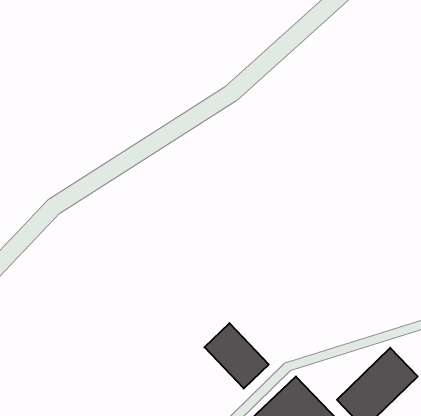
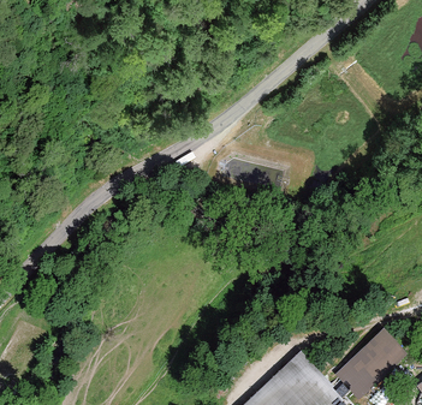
building: [204,323,269,389] -> none

